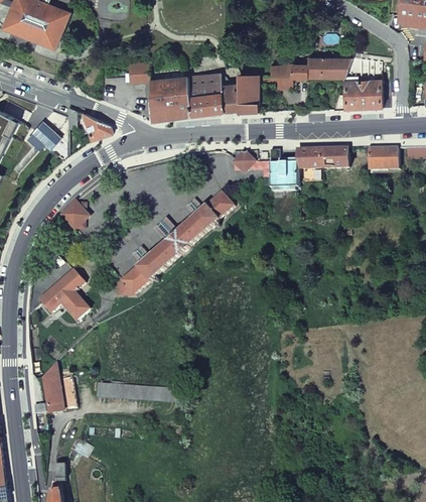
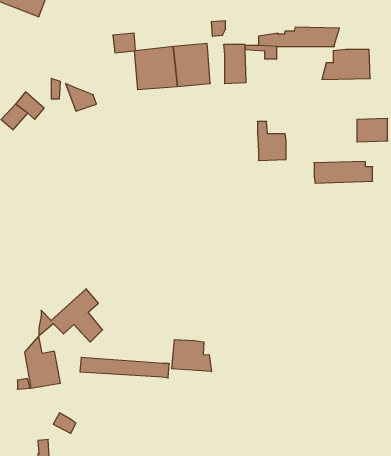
building: [222,84,238,113] -> none
building: [297,148,354,169] -> [314,162,373,183]
building: [230,150,271,179] -> none
building: [120,191,235,295] -> none
building: [60,202,88,230] -> none
building: [27,268,90,321] -> [39,289,103,342]
building: none -> [172,340,212,372]

